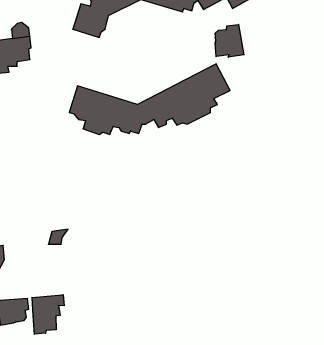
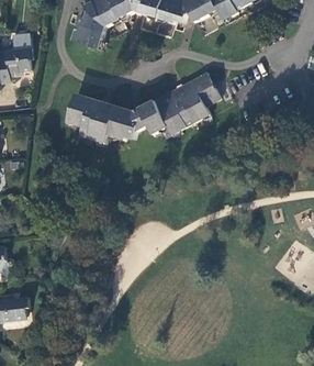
building: [215,24,244,57] -> none
building: [32,295,64,334] -> none

